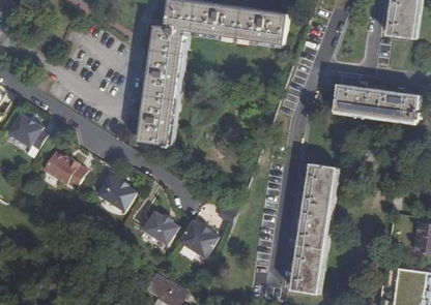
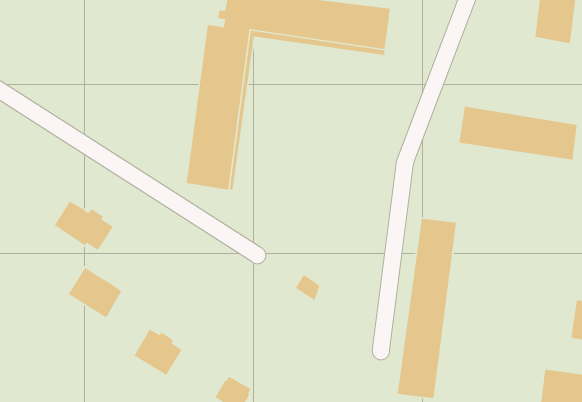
building: [8,113,47,149] -> none
building: [96,175,136,212] -> [68,267,122,319]
building: [142,212,177,246] -> [134,328,182,376]
building: [178,220,218,257] -> none

